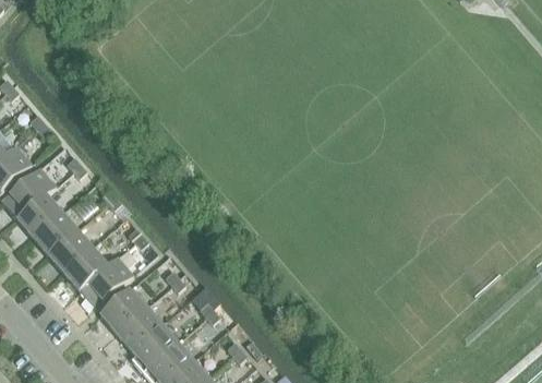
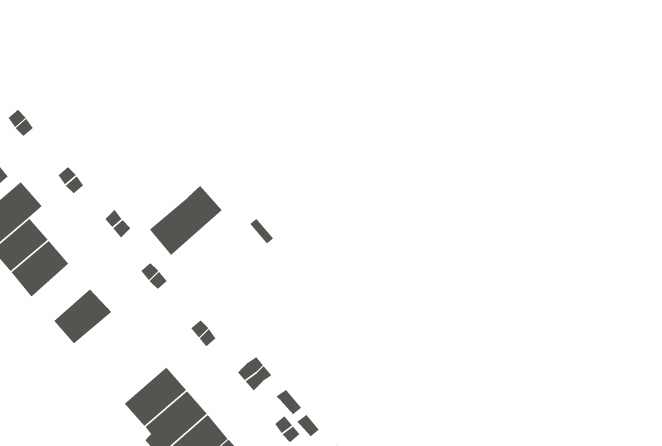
building: [47,229,91,272] -> none
building: [79,256,133,309] -> [149,185,222,256]
building: [100,287,147,333] -> none

